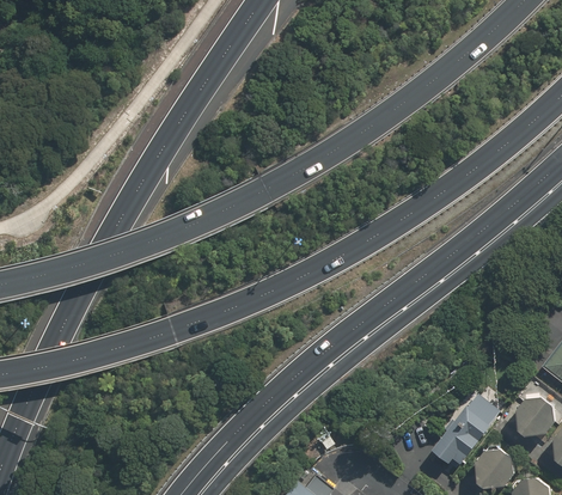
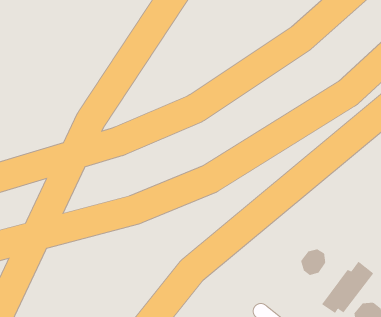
building: none -> [300,248,326,276]

